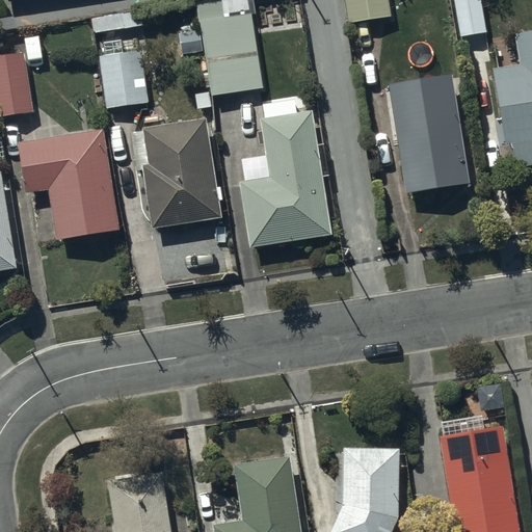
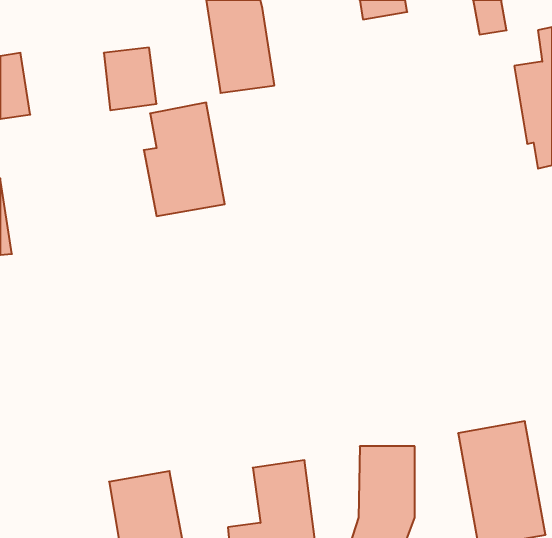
building: [390,82,471,202] -> none
building: [242,106,328,245] -> none
building: [11,115,114,230] -> none

